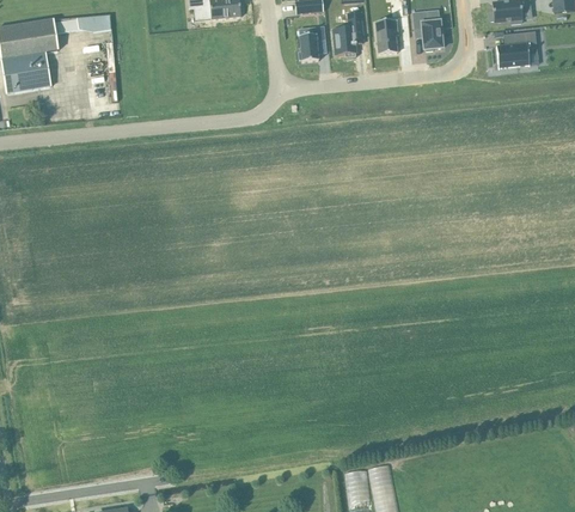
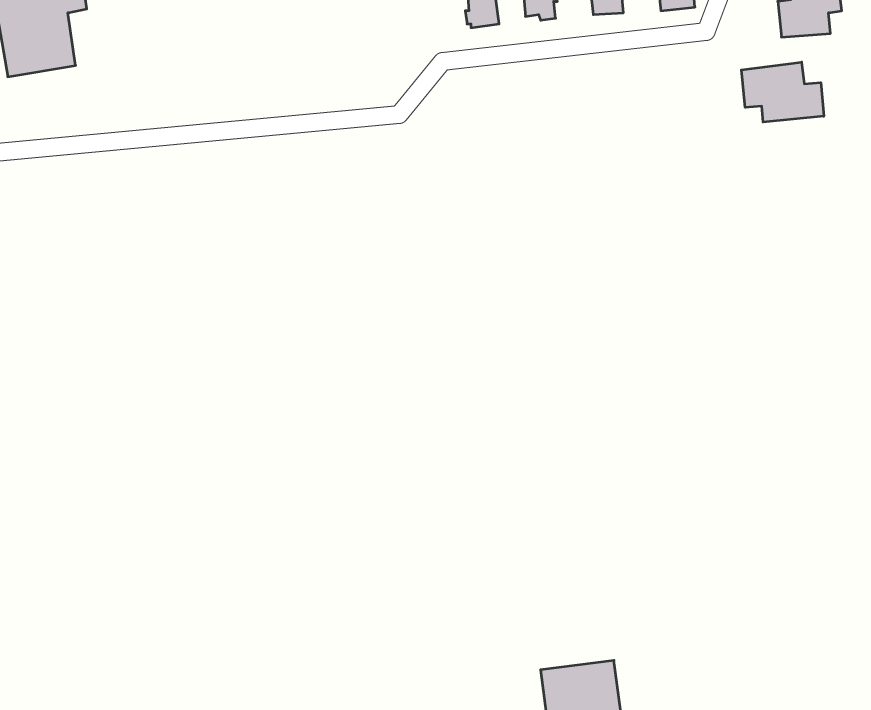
building: none -> [741,62,824,122]

